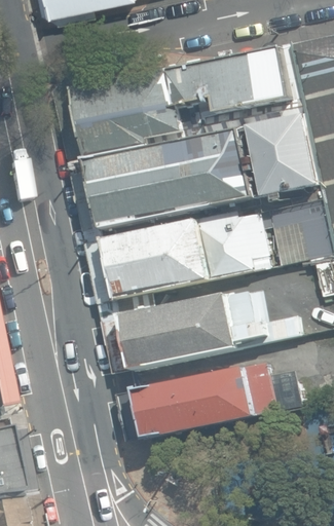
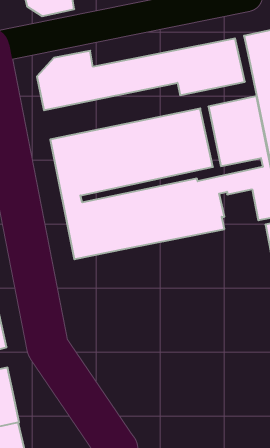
building: [65,44,310,163] -> none
building: [100,286,304,375] -> none
building: [121,361,305,440] -> none

